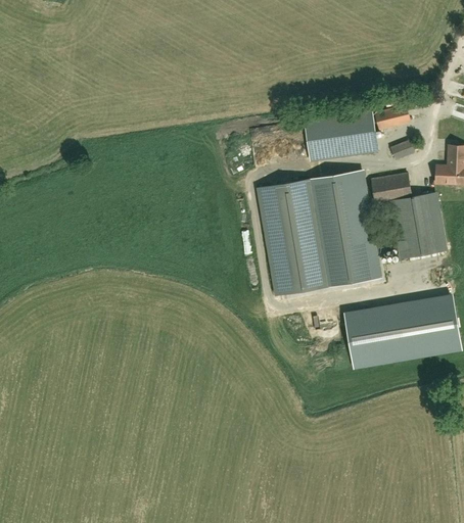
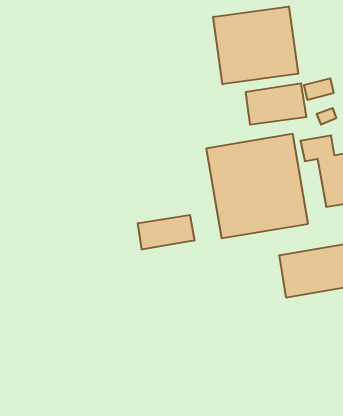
building: none -> [213,6,298,84]
building: none -> [138,215,194,250]

